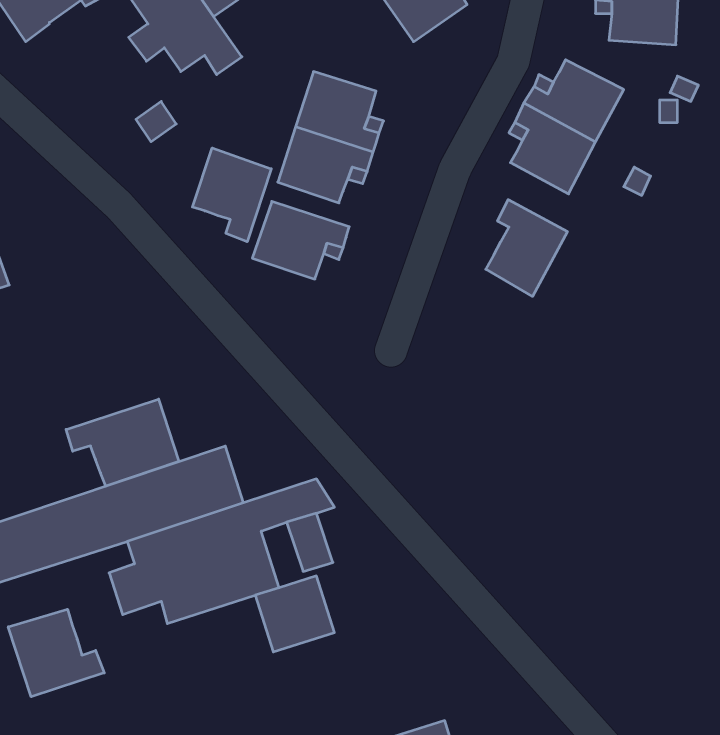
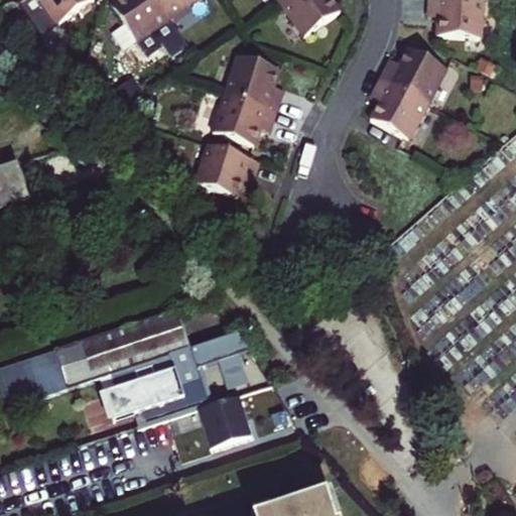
building: [192,148,271,242] -> none
building: [486,200,567,296] -> none
building: [66,399,179,486] -> none
building: [8,609,104,697] -> none

